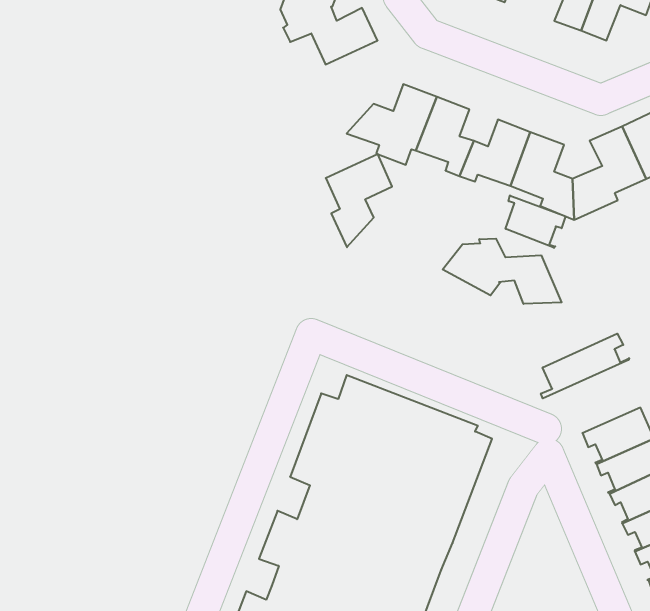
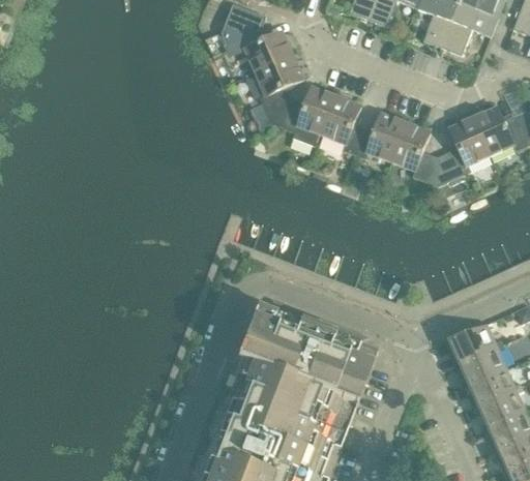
building: [326,154,392,247] -> [256,55,304,123]
building: [506,195,566,248] -> none
building: [443,239,562,304] -> none
building: [541,334,629,398] -> none

